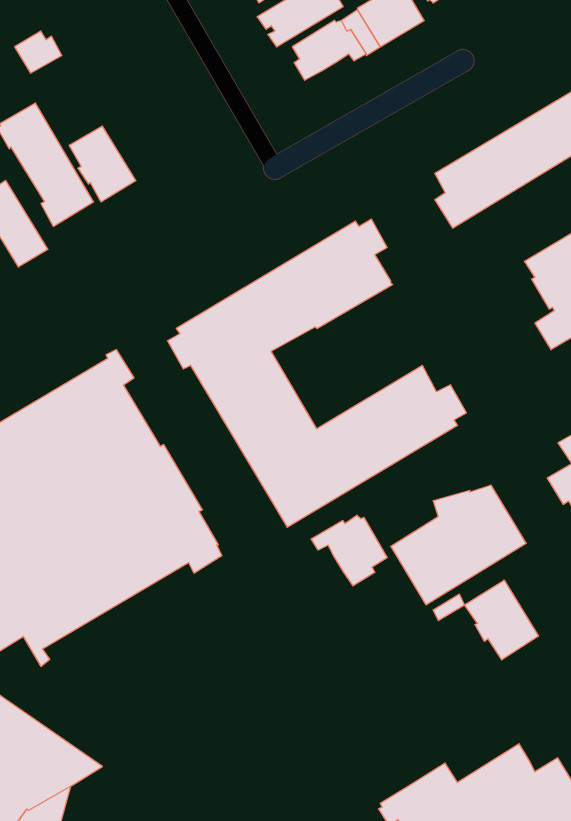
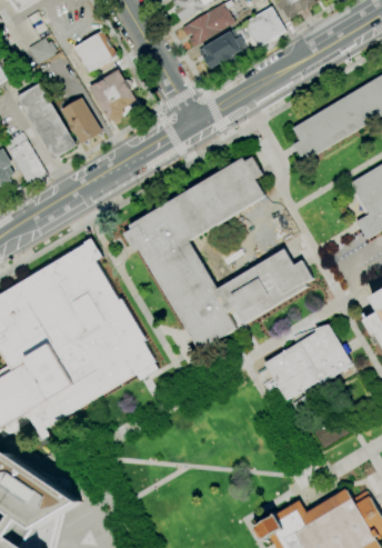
building: none -> [73,30,117,72]
building: none -> [88,69,137,121]
building: [311,515,387,586] -> none
building: [465,580,538,660] -> none

